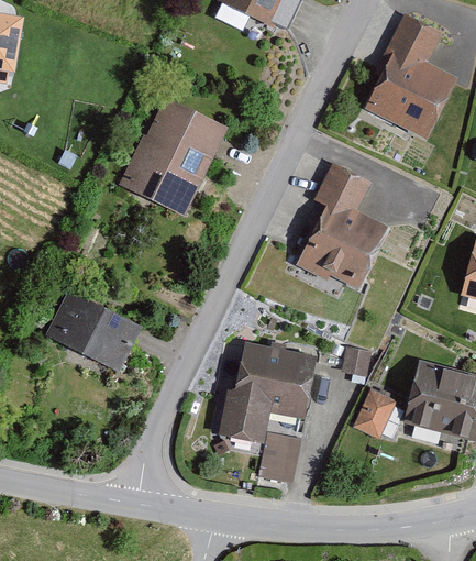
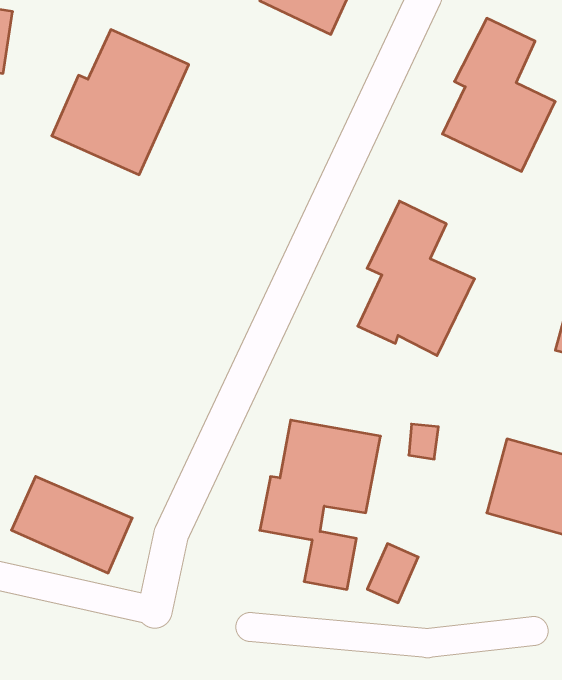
building: [118,99,230,218] -> [52,30,189,175]
building: [46,293,145,372] -> [11,476,132,573]
building: [352,389,394,438] -> [367,544,418,603]

